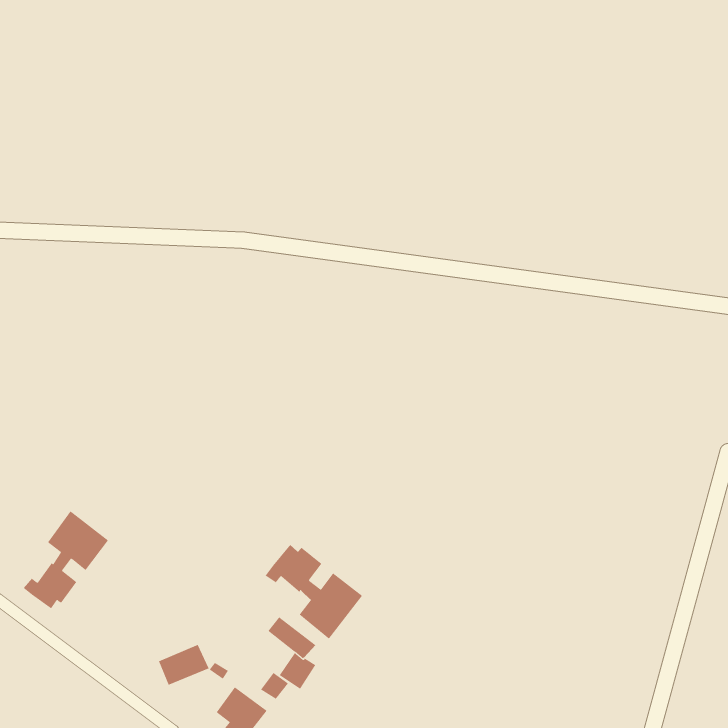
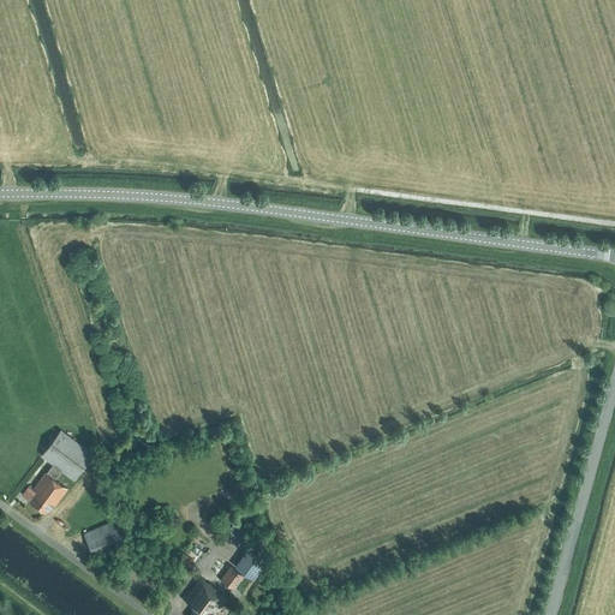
building: [265,544,363,639] -> none
building: [158,644,210,686] -> [82,521,125,556]

